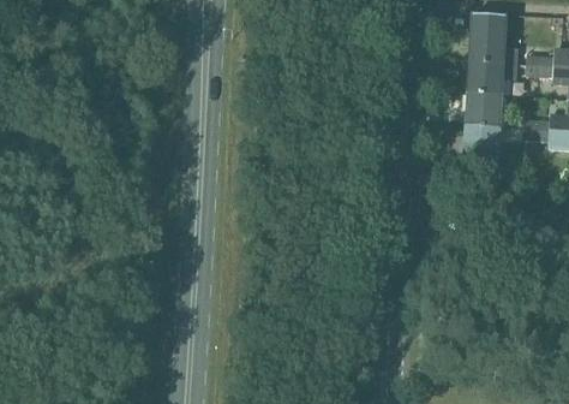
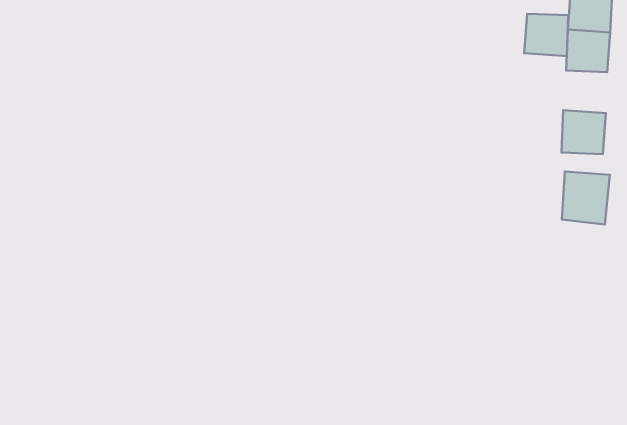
building: [467,94,502,127] -> [524,14,568,56]
building: none -> [562,172,610,224]

